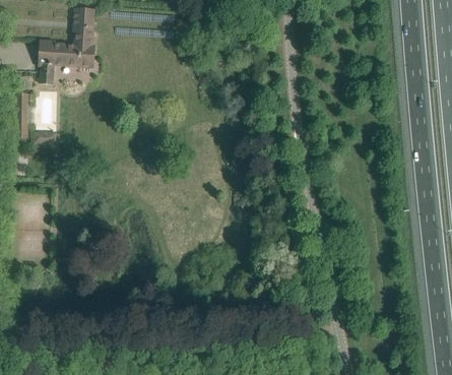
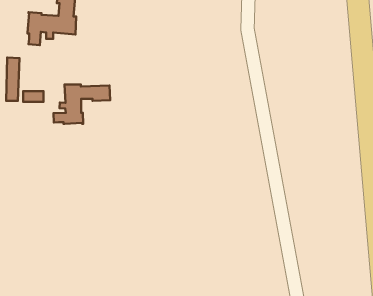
building: none -> [53,84,110,124]

